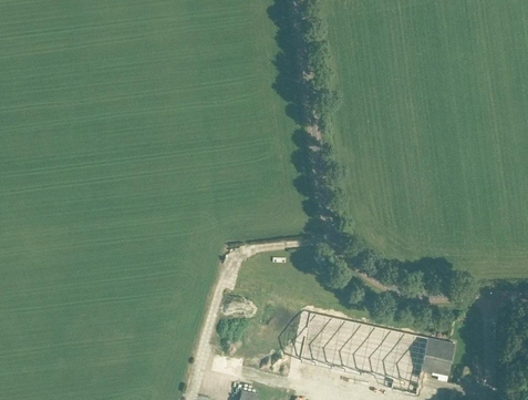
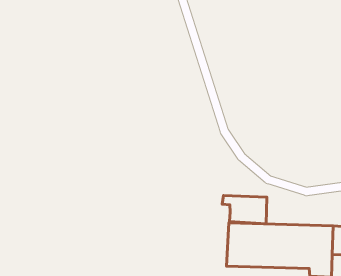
building: none -> [222,196,267,224]

